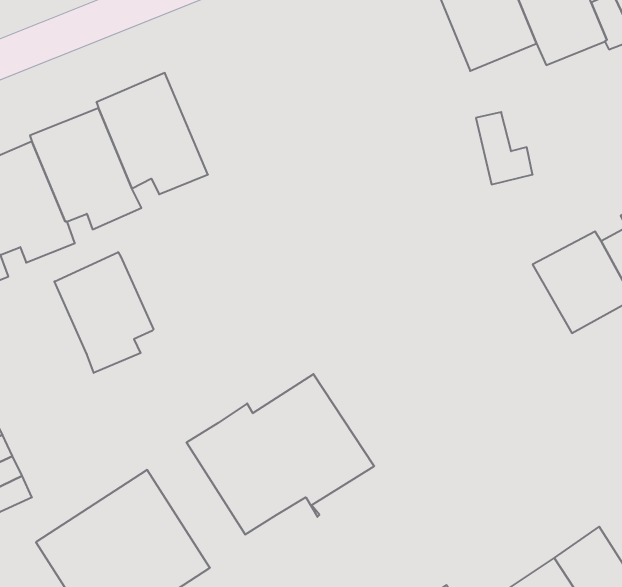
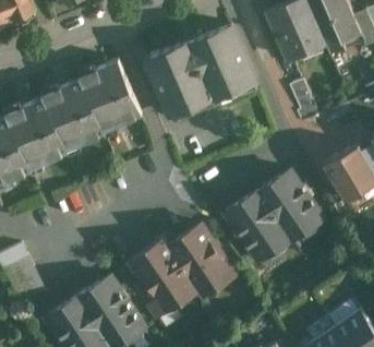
building: none -> [146,23,254,115]
building: [54,252,153,373] -> none
building: none -> [224,171,323,265]

